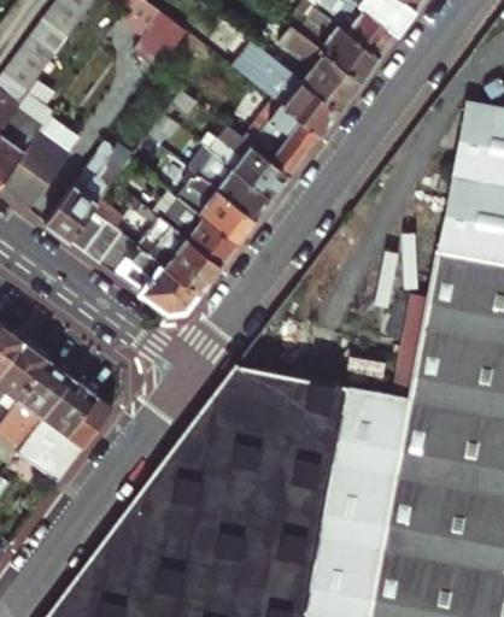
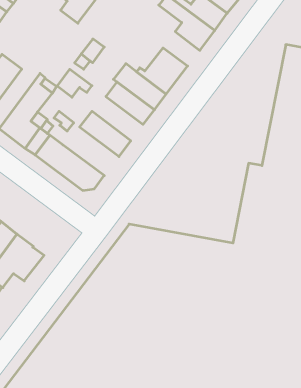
building: [240,43,340,133] -> none
building: [182,172,257,242] -> none
building: [140,219,222,293] -> none

